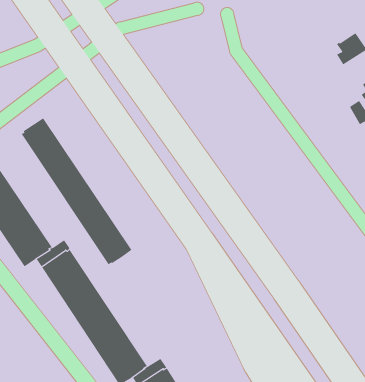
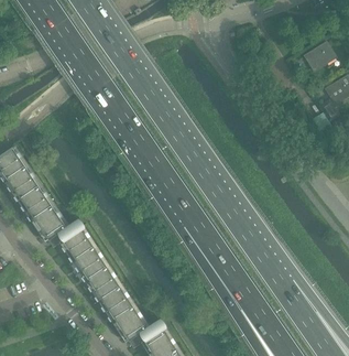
building: [21,118,132,265] -> none

